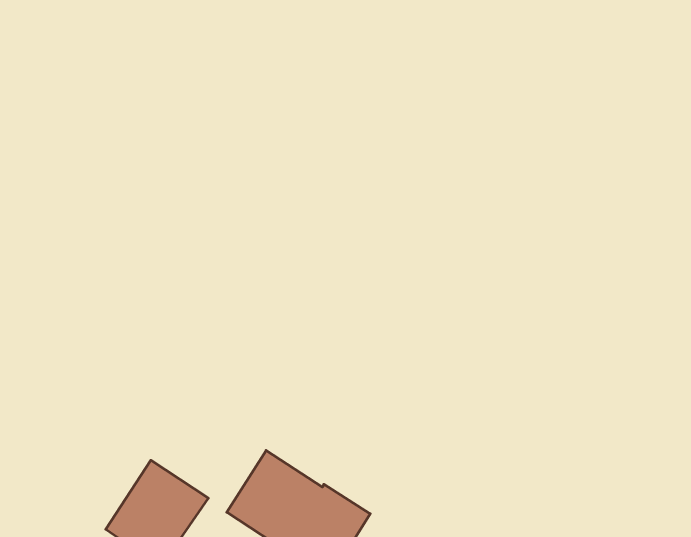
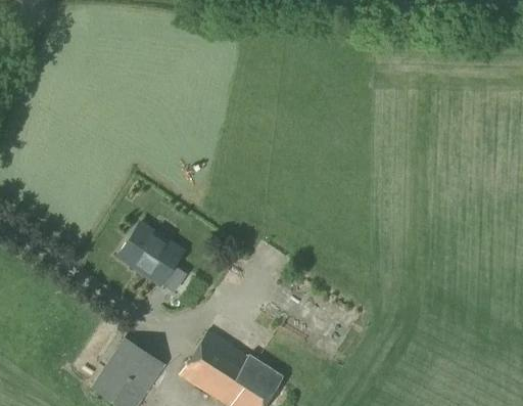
building: none -> [120,225,183,284]

